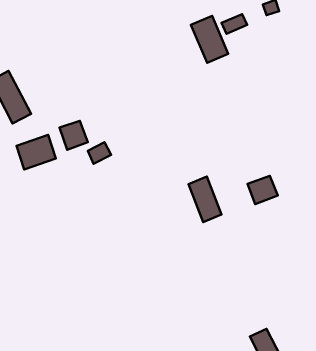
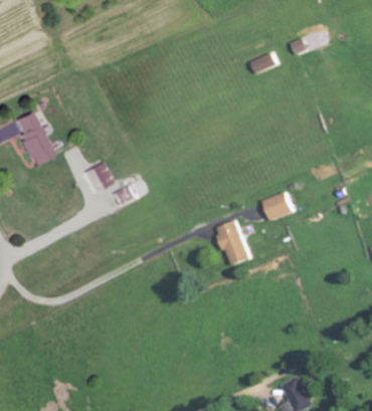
building: [191,16,228,63] -> none
building: [16,135,56,170] -> none
building: [247,176,278,204] -> [262,192,294,221]

